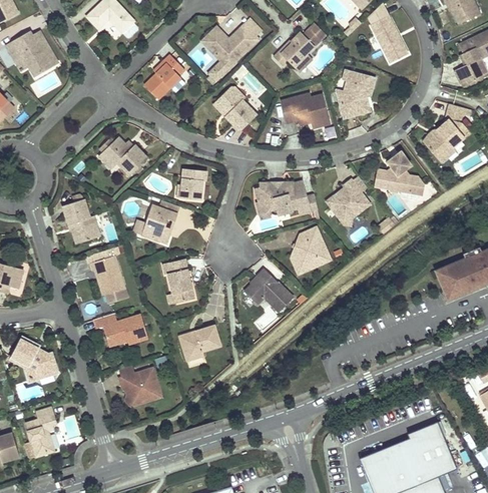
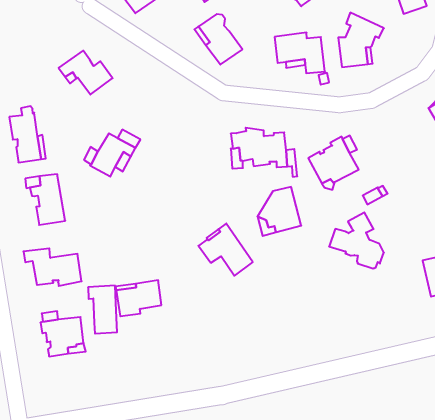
building: [376,151,424,198] -> [329,212,384,268]
building: [181,168,206,199] -> none
building: [161,259,192,303] -> [88,286,117,334]

